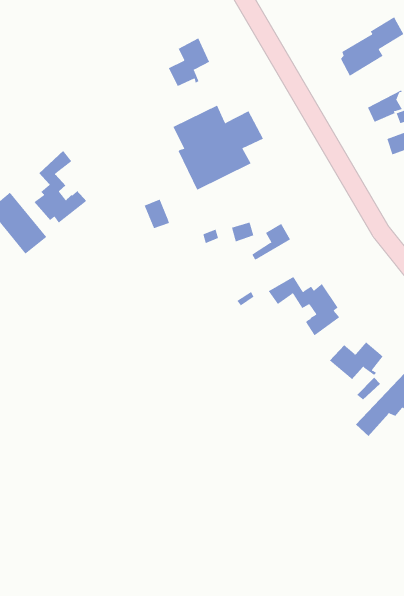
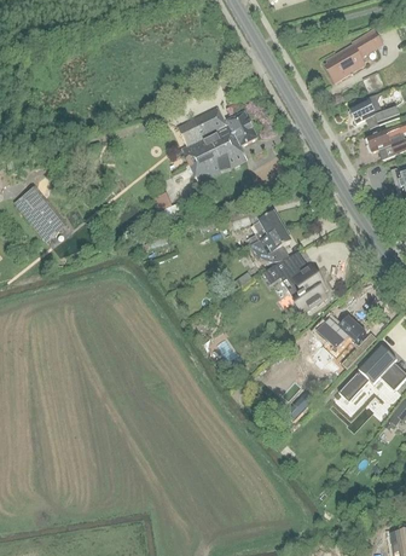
building: [168,38,210,87] -> none
building: [34,150,87,224] -> none
building: none -> [251,226,291,259]

